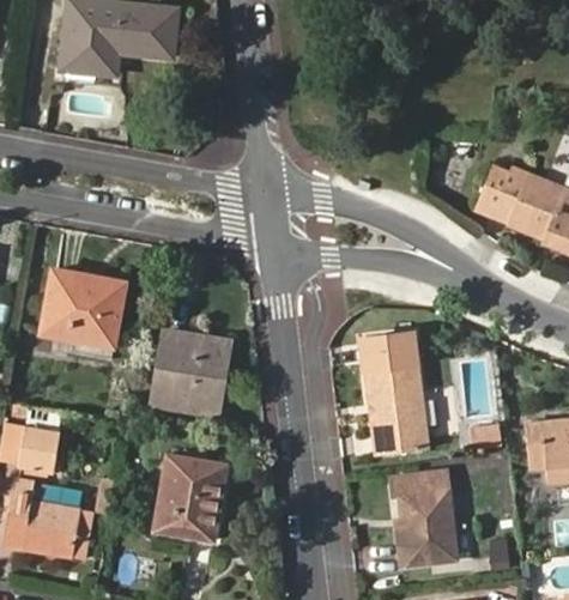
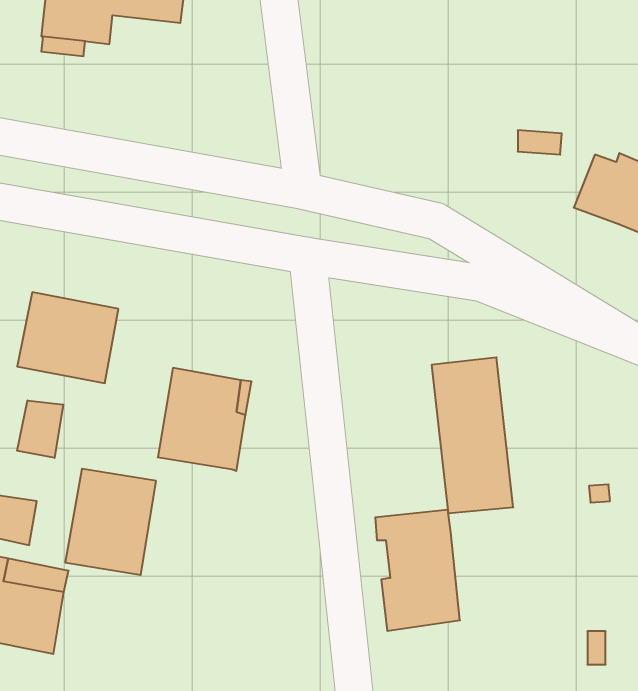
building: none -> [17,400,63,458]
building: [149,457,220,541] -> [65,469,156,575]
building: [393,472,460,568] -> [375,510,460,631]

